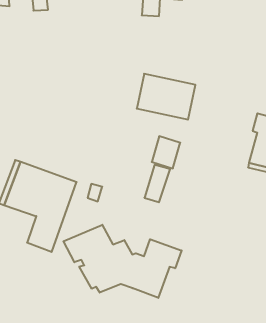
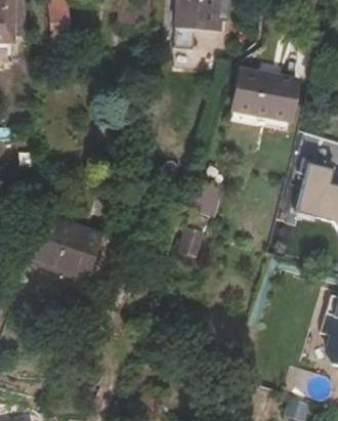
building: [137,74,195,120] -> [230,69,296,120]
building: [63,225,182,298] -> none

